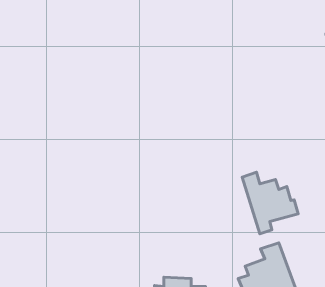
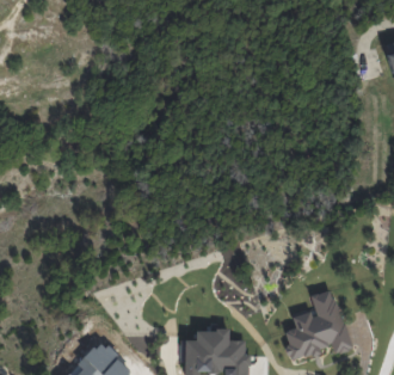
building: [242,172,298,234] -> none

